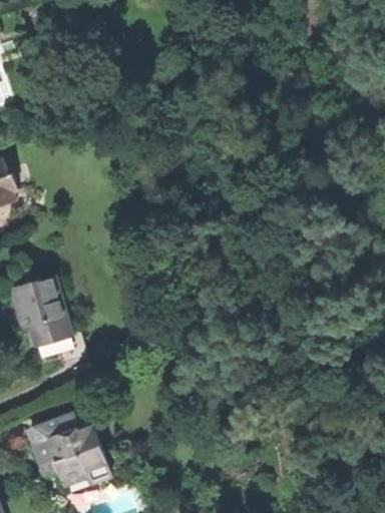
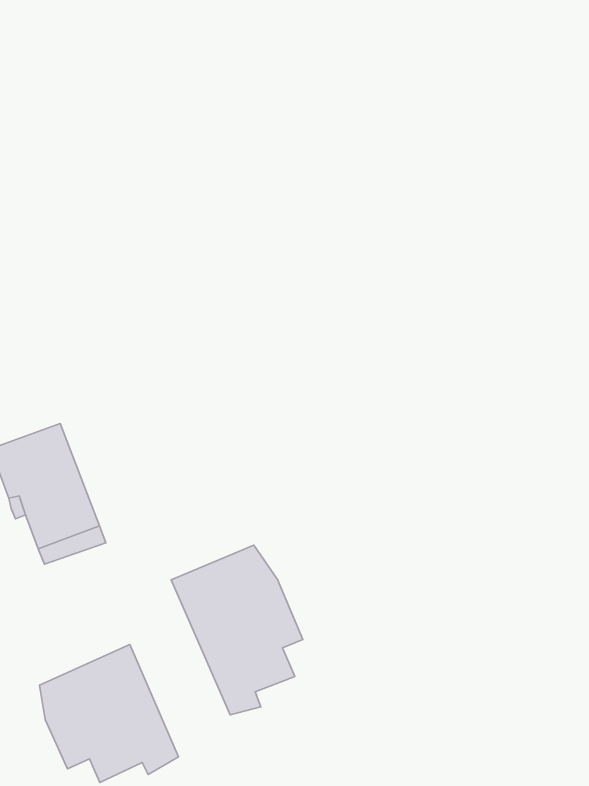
building: none -> [171,545,303,715]

